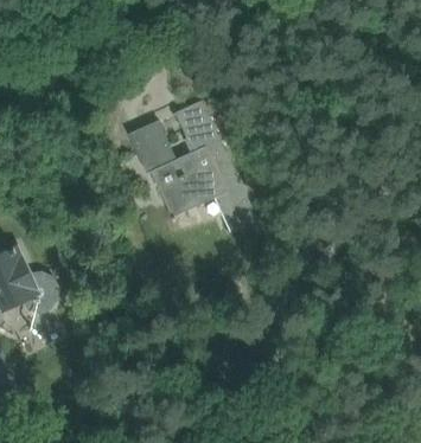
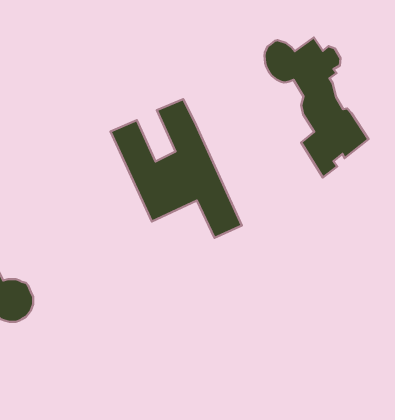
building: none -> [265,37,368,177]

